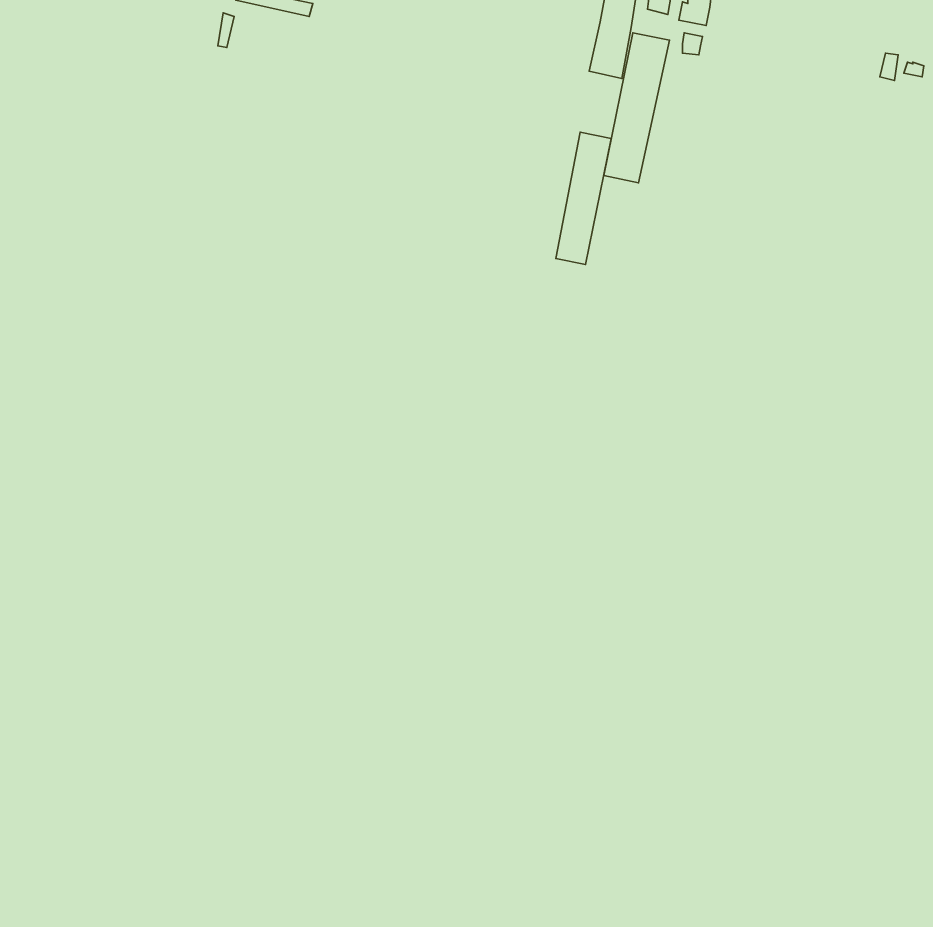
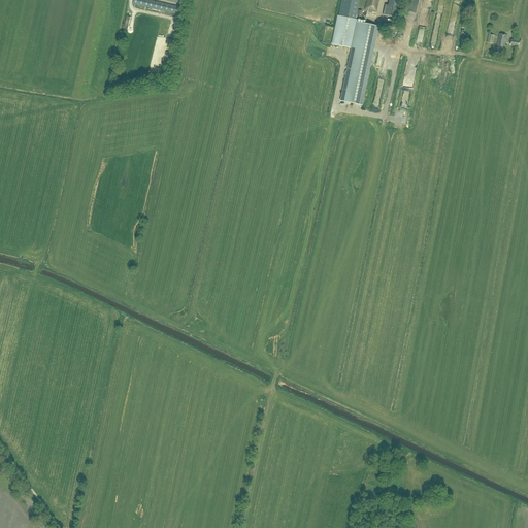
building: [556,132,611,264] -> none

